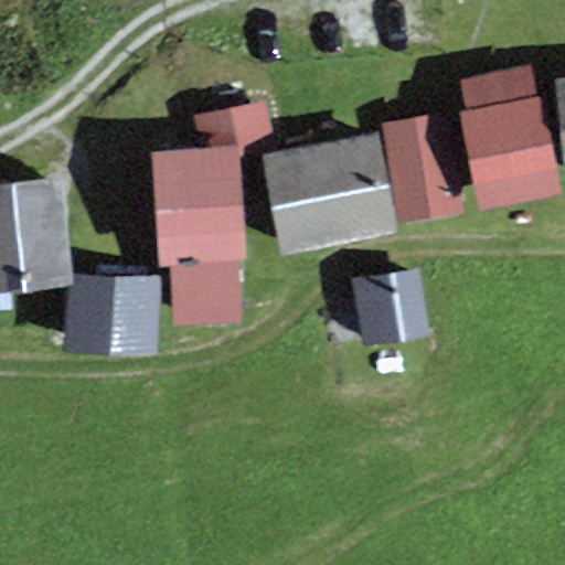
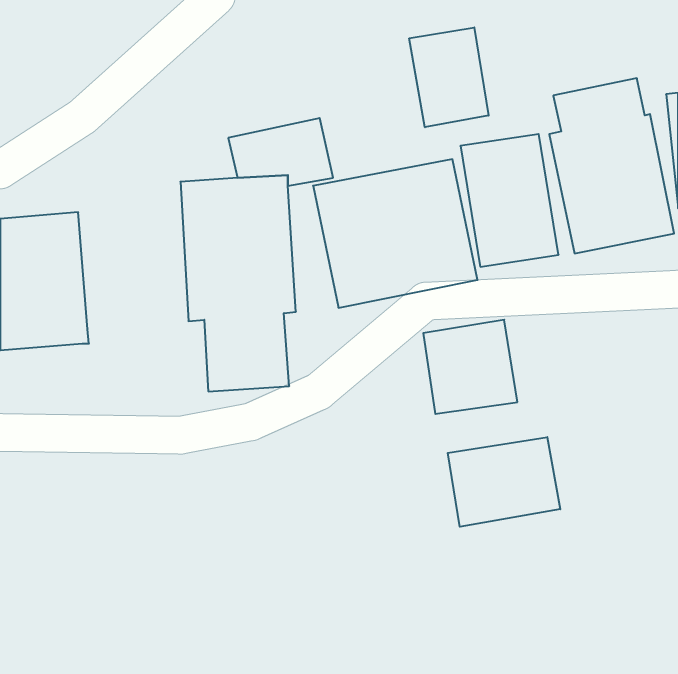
building: none -> [409,27,489,127]
building: [63,274,161,354] -> none
building: none -> [448,437,560,527]

